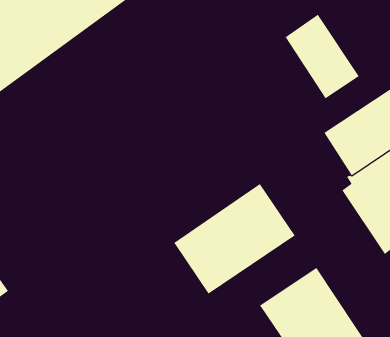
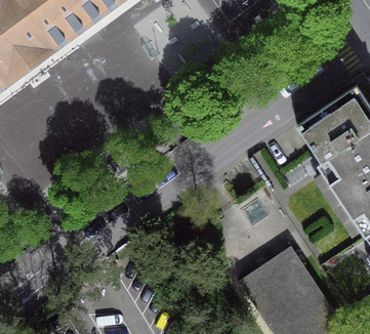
building: [285,14,359,99] -> none
building: [174,183,296,294] -> none

